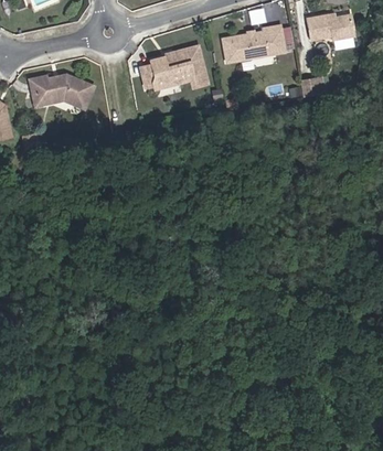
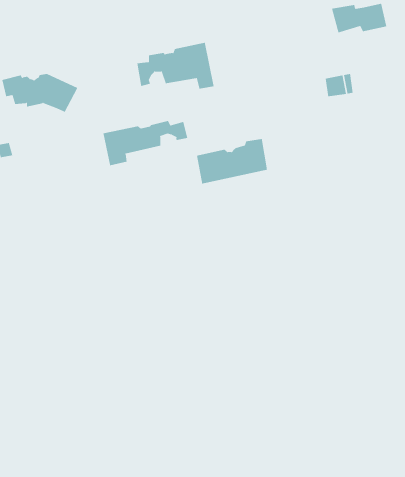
building: [222,23,283,62] -> [196,139,268,184]
building: none -> [103,120,188,166]

